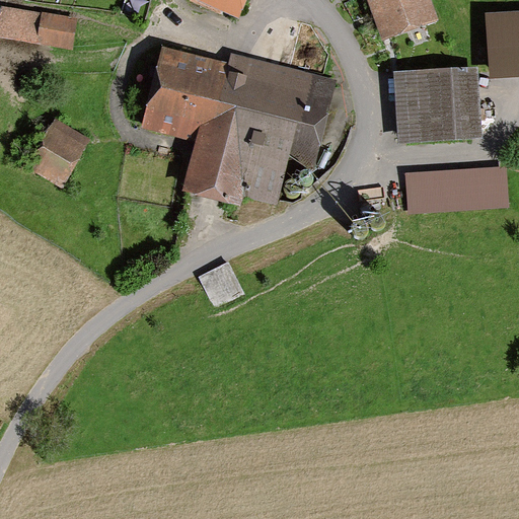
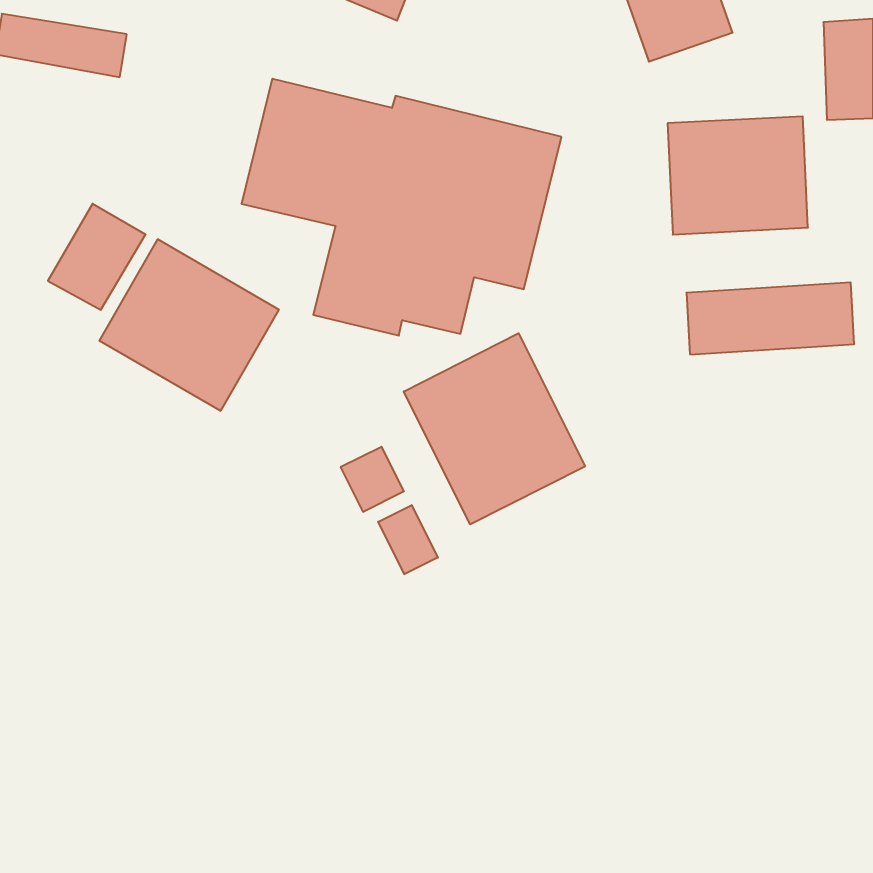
building: none -> [99,239,279,411]
building: none -> [404,333,585,524]
building: none -> [378,505,438,574]

